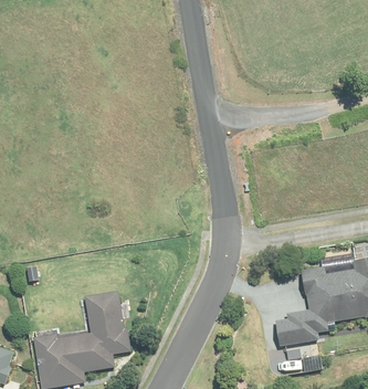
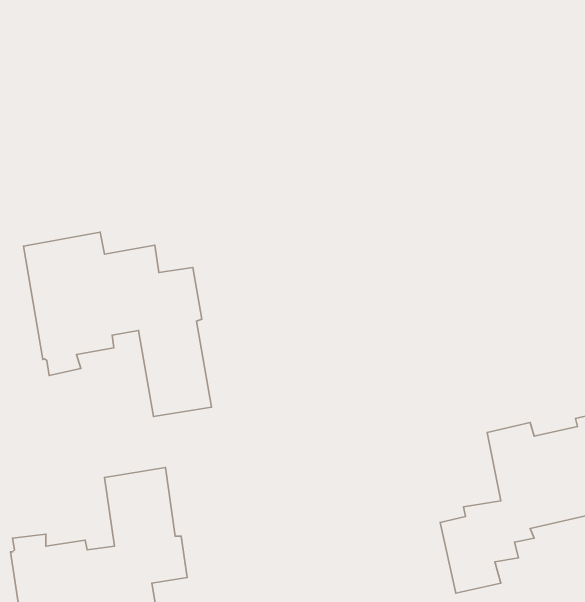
building: none -> [24,232,212,417]

